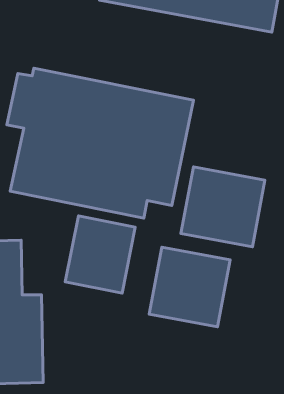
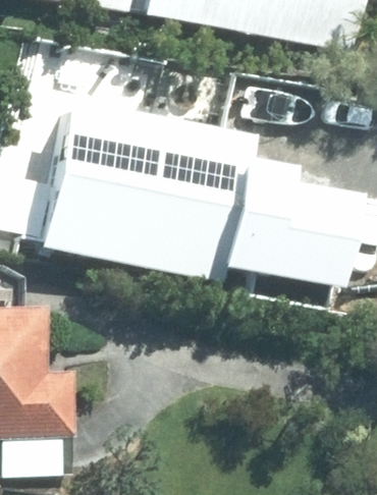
building: [65,216,135,293] -> none
building: [149,247,230,327] -> none

